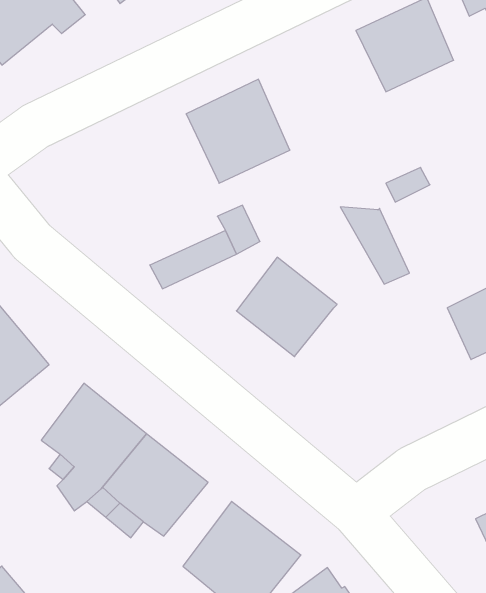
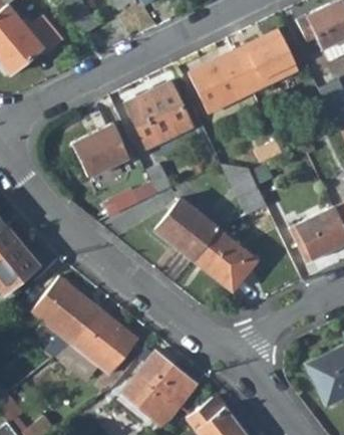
building: none -> [190,51,253,113]
building: none -> [73,126,128,177]
building: none -> [195,228,257,289]

